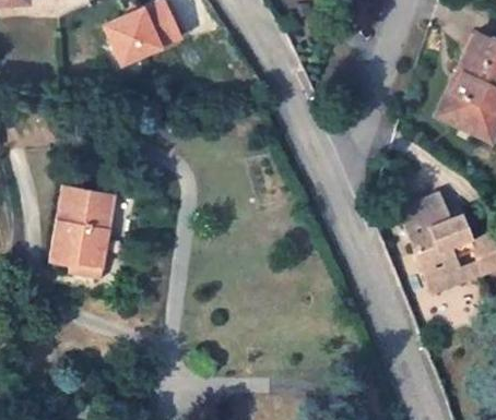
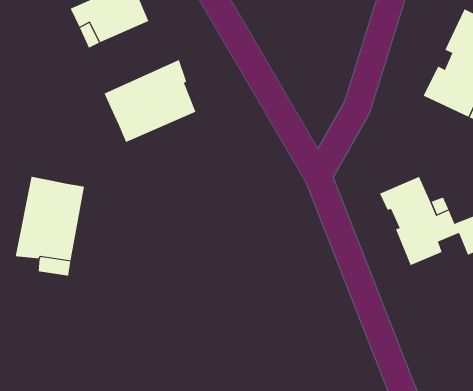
building: none -> [104,59,196,143]
building: [426,242,481,287] -> none

